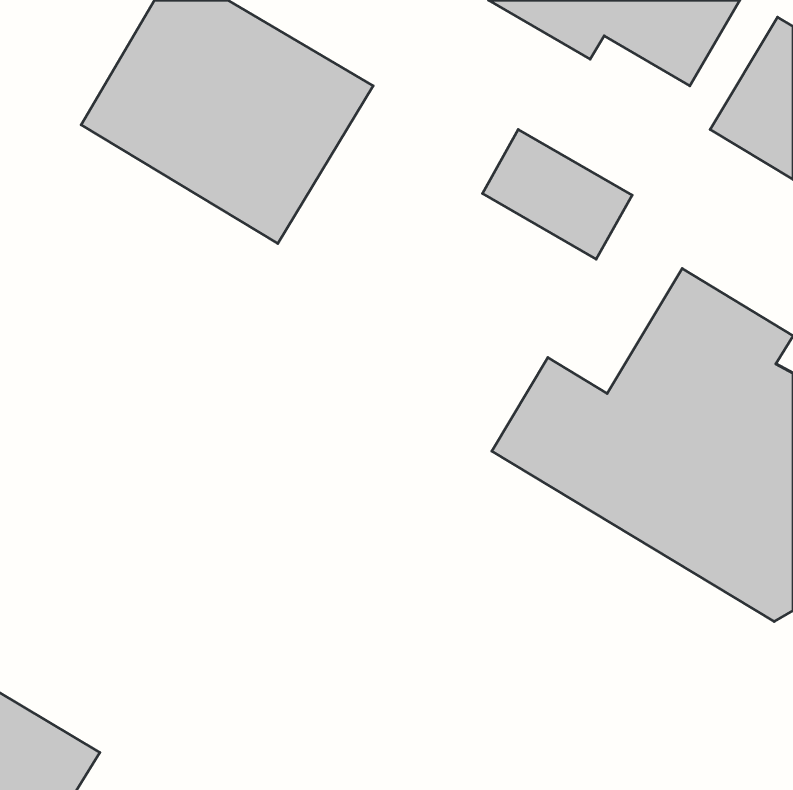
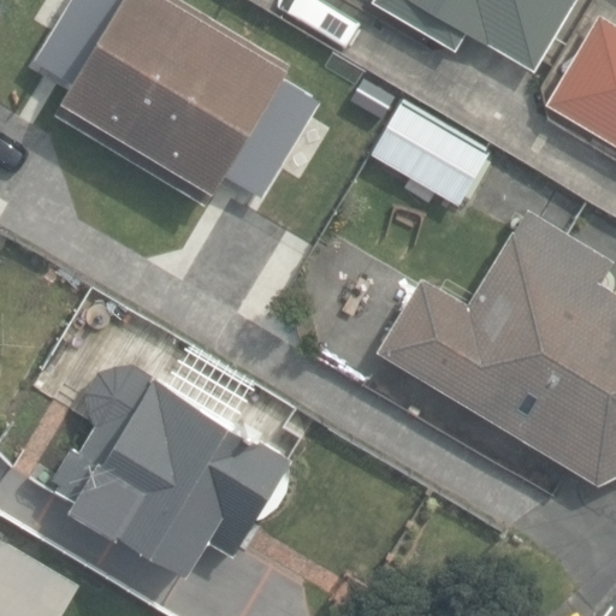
building: none -> [54,369,291,574]

